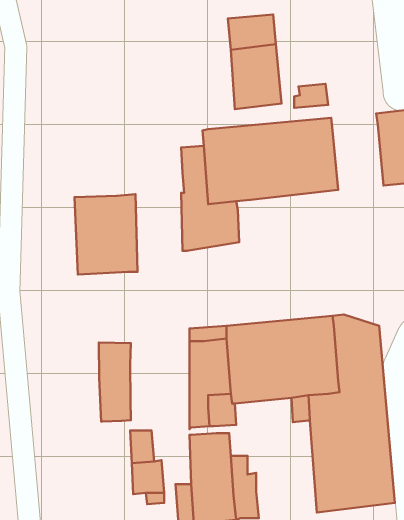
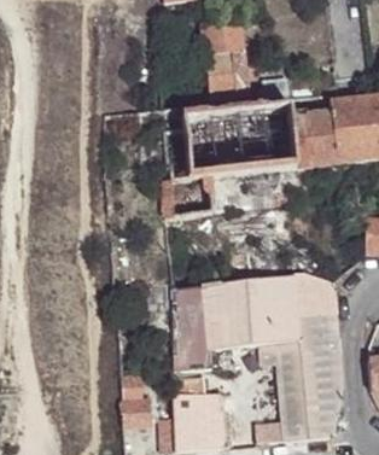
building: none -> [292,111,336,167]
building: [74,194,138,275] -> none
building: [99,342,131,422] -> none

